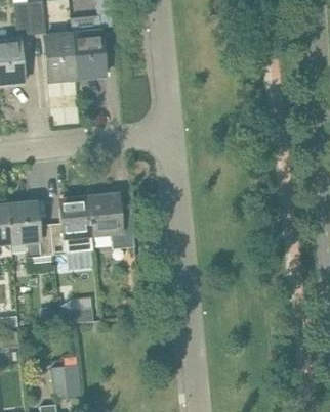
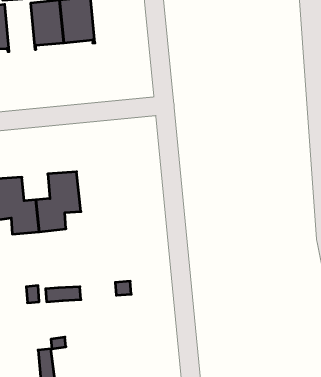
building: [88,195,134,249] -> none

